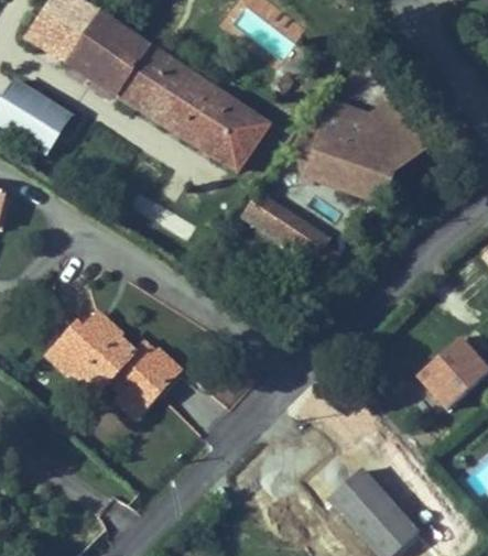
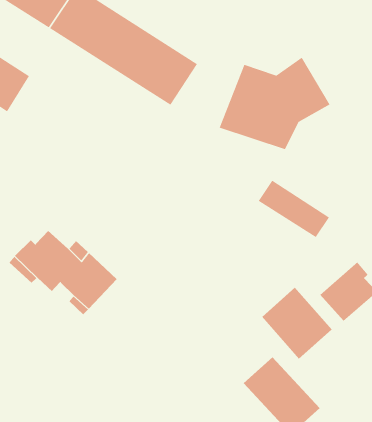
building: [248,185,334,254] -> [258,180,330,238]
building: none -> [261,287,332,360]

